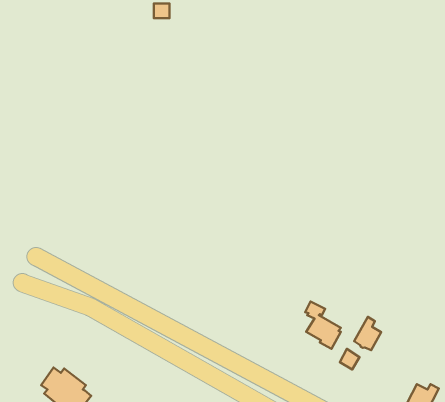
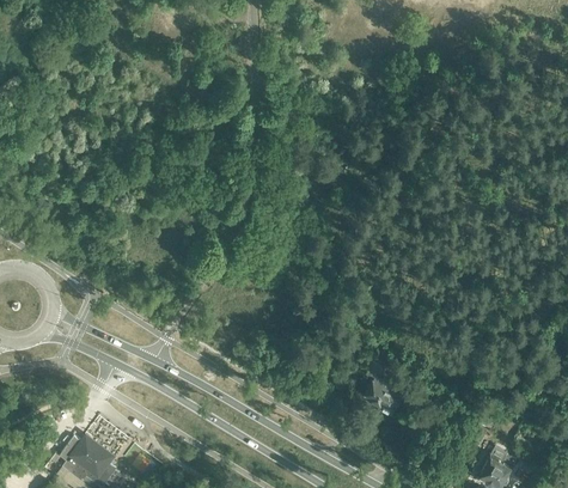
building: [354,317,381,350] -> none

